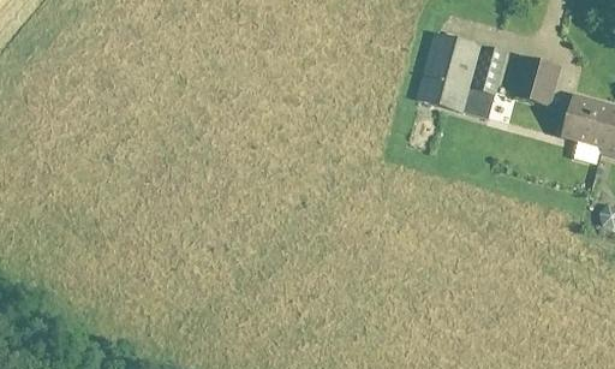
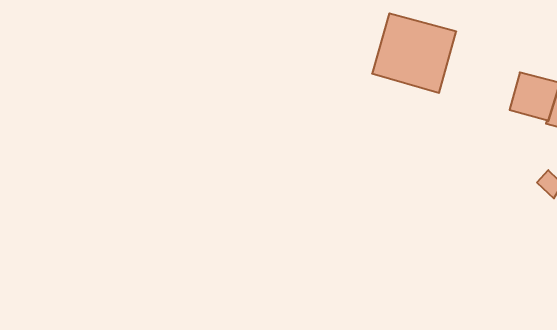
building: [512,56,557,105] -> none

